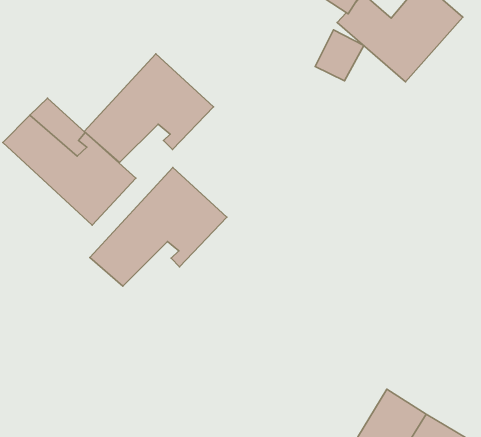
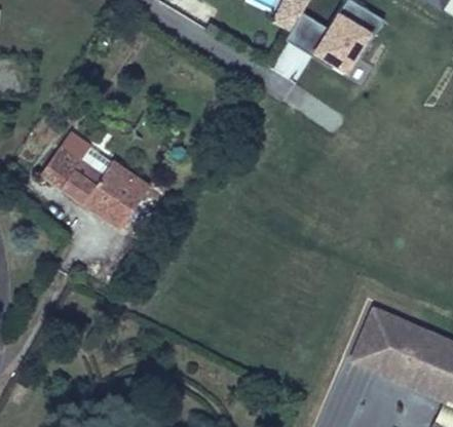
building: [84,54,213,162] -> none
building: [90,168,227,286] -> none

